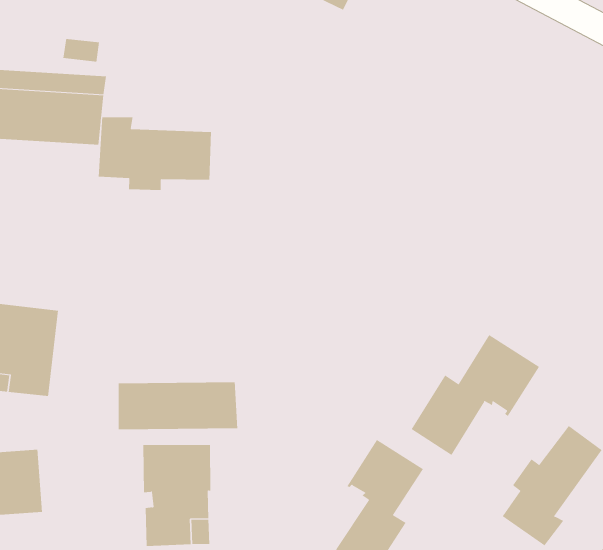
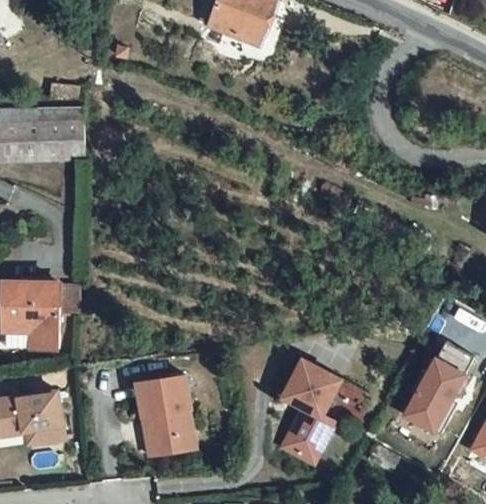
building: [98,117,212,191] -> none
building: [411,334,540,456] -> none
building: [118,381,238,430] -> none

